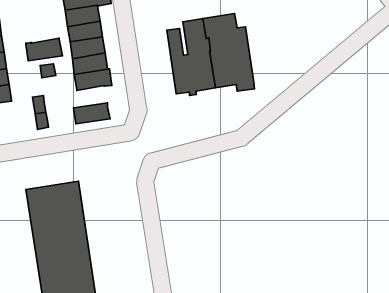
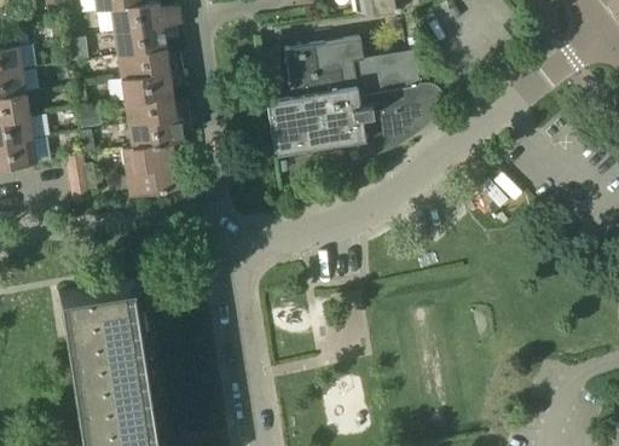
building: none -> [375,51,441,137]
building: [26,38,62,61] -> [122,141,175,174]

